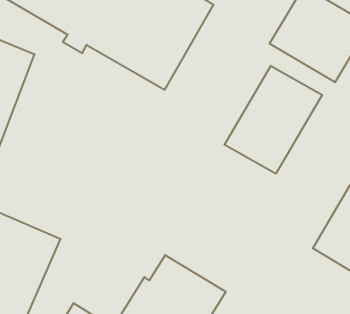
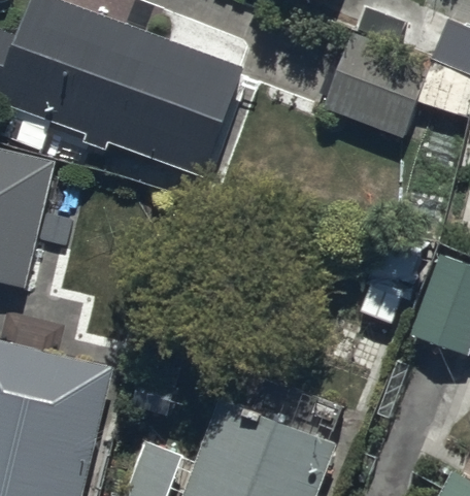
building: [224,66,322,174] -> none

